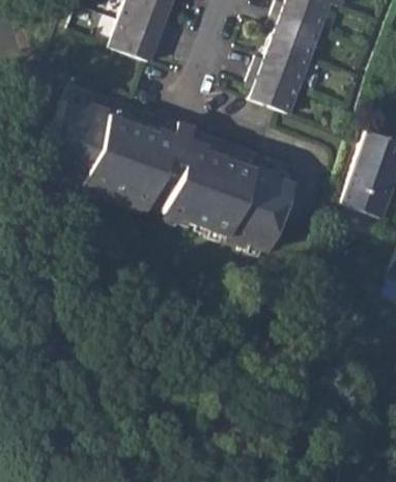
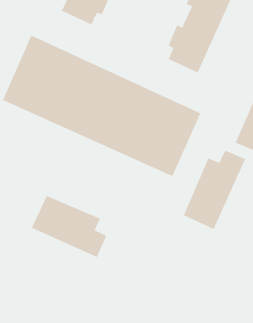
building: none -> [183,150,246,230]
building: none -> [31,195,107,258]

